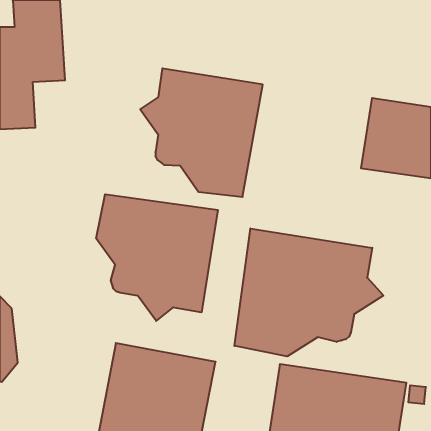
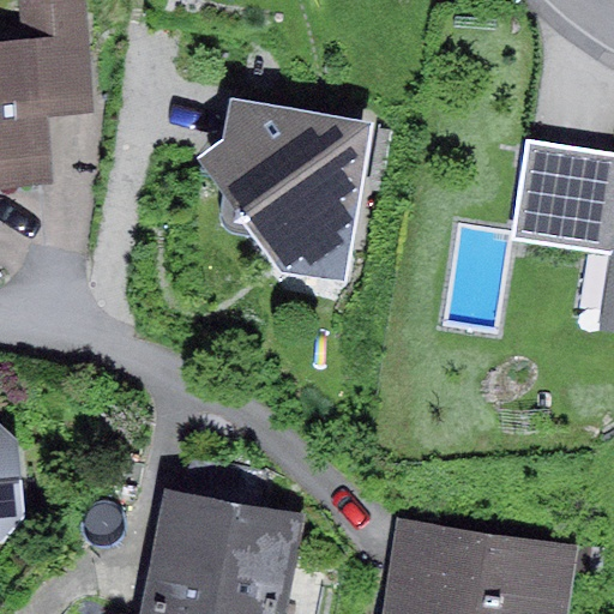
building: [96,194,218,321] -> none
building: [234,228,383,356] -> none

